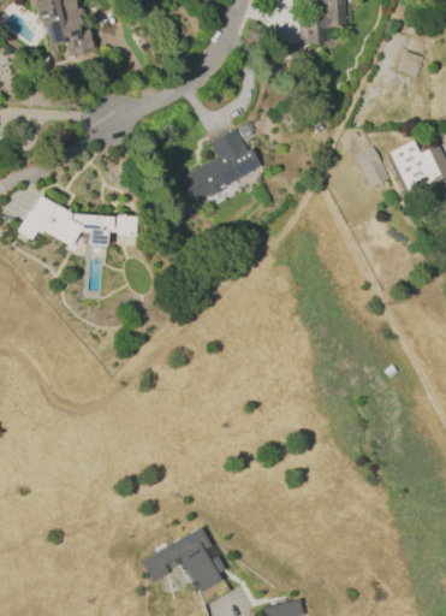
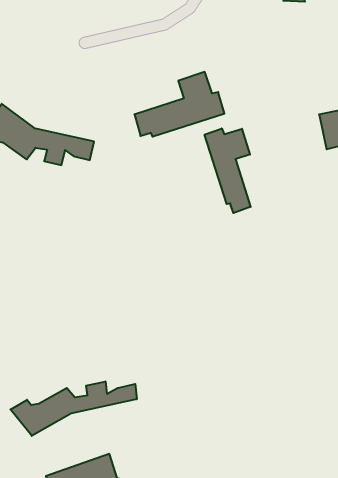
building: none -> [205,128,251,213]
building: none -> [10,381,137,436]

